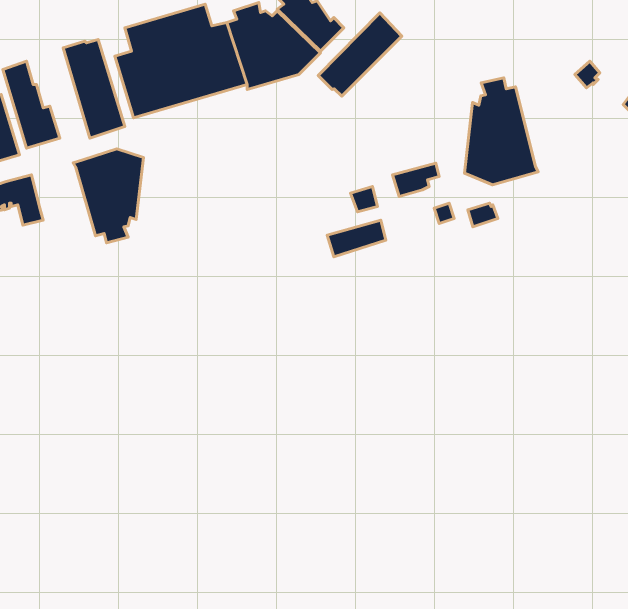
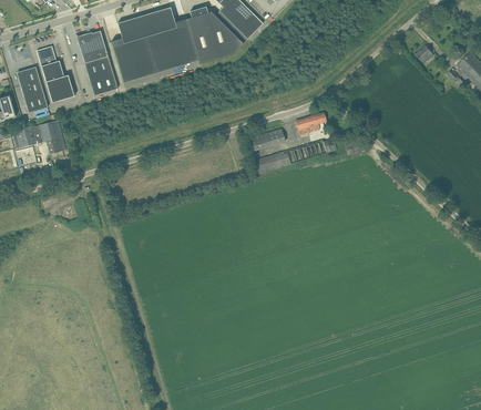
building: [318,13,402,96] -> none
building: [464,78,538,185] -> none
building: [73,149,143,243] -> none

